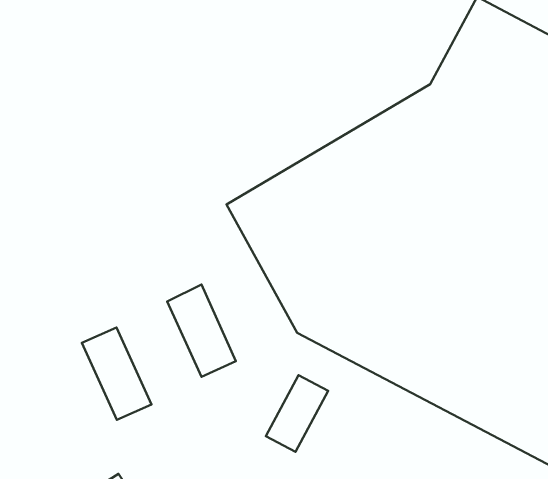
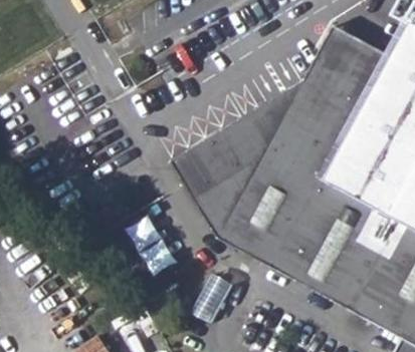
building: [82,328,152,420] -> none

